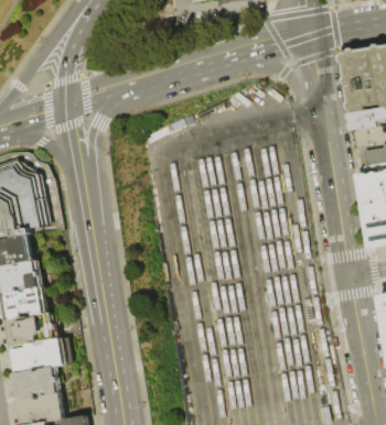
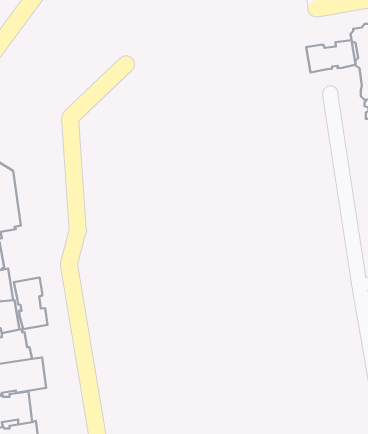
building: none -> [306,40,355,73]
building: none -> [14,278,48,329]

